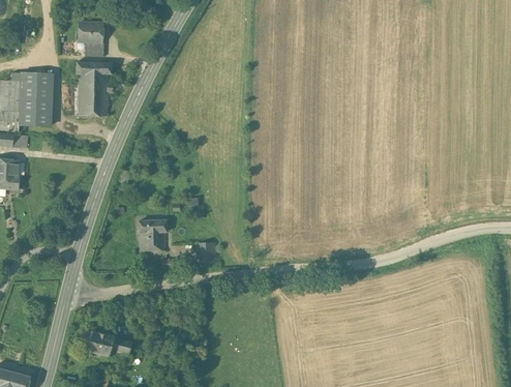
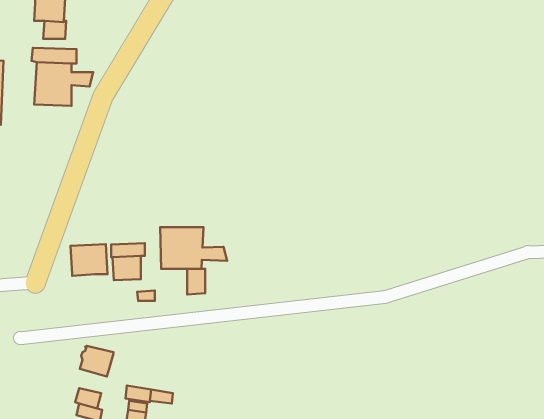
building: none -> [160,227,227,269]
building: none -> [71,244,107,276]
building: [87,331,114,356] -> [80,346,113,376]

